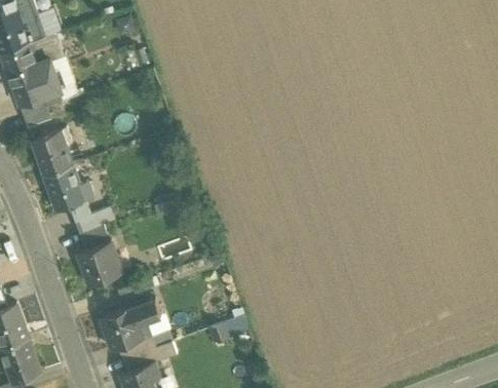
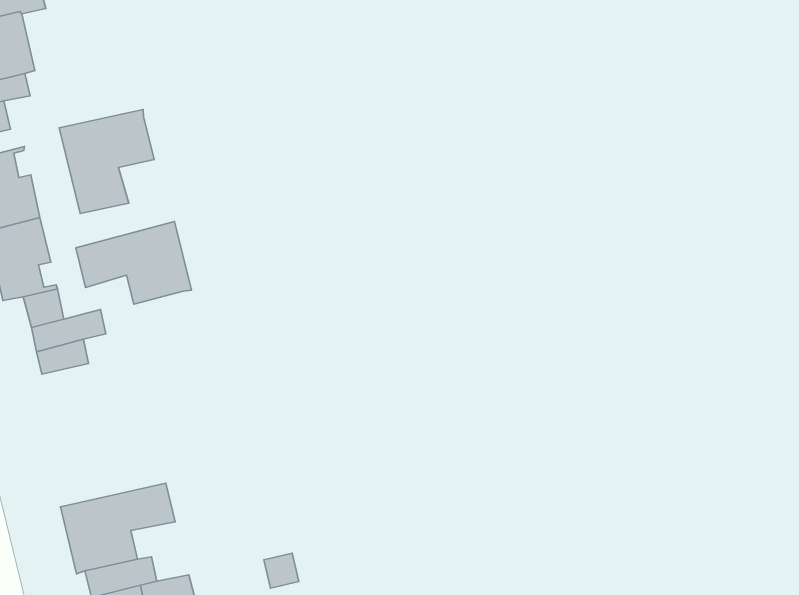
building: none -> [59,109,154,214]
building: none -> [76,222,192,304]
building: [79,240,122,283] -> none

